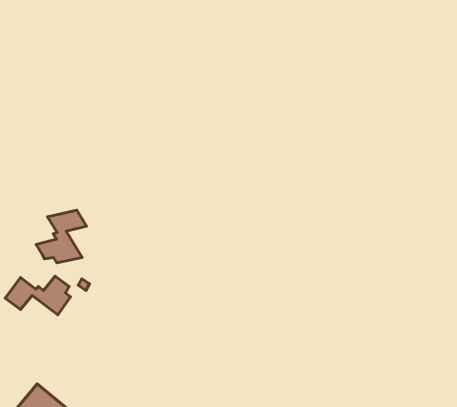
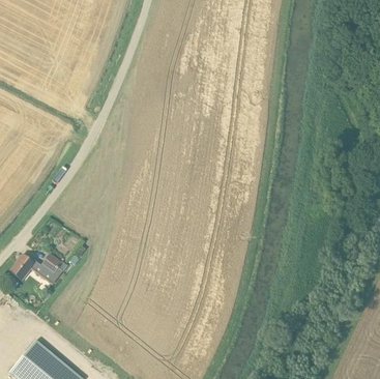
building: [36,210,87,263] -> none

